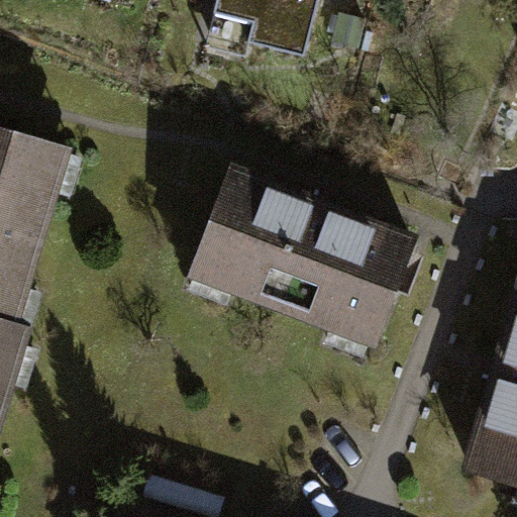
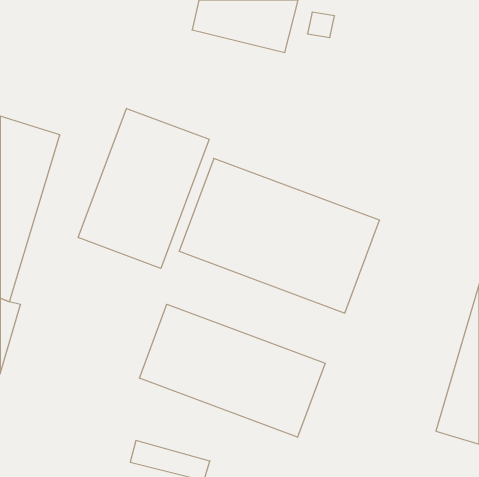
building: none -> [78,108,209,268]
building: none -> [139,304,325,437]

